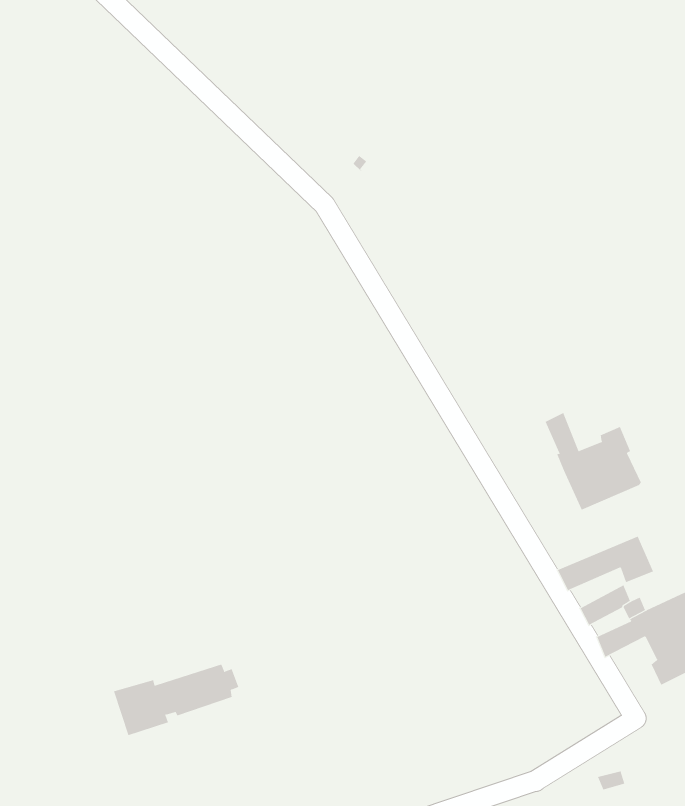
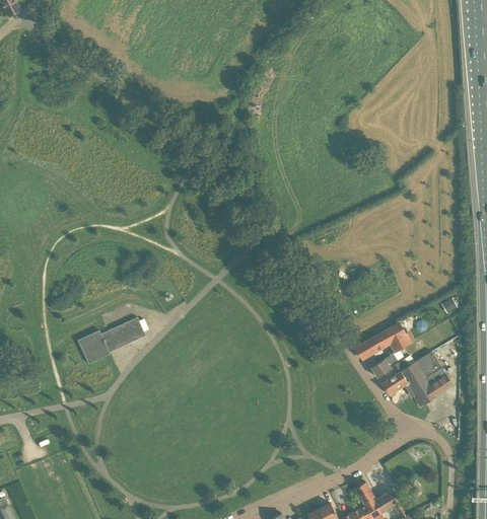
building: [545,412,641,511] -> none
building: [113,664,239,736] -> [77,318,148,365]

